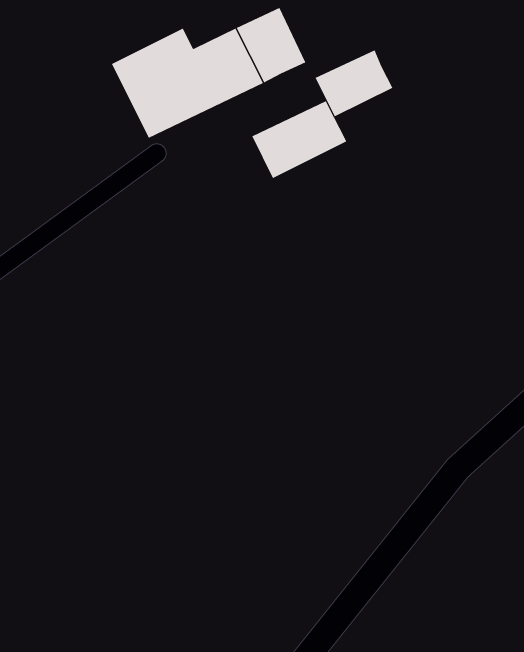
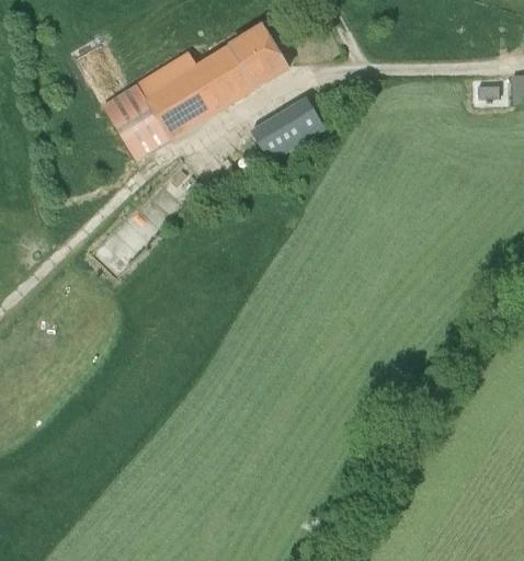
building: [315,49,393,117] -> none
building: none -> [102,83,170,160]

